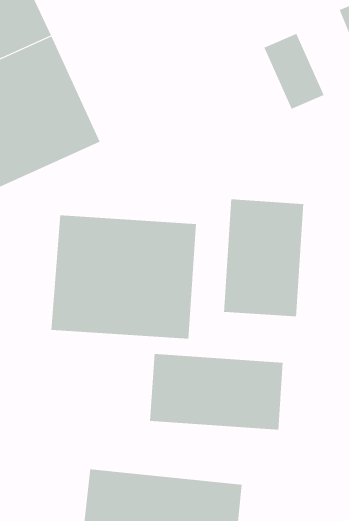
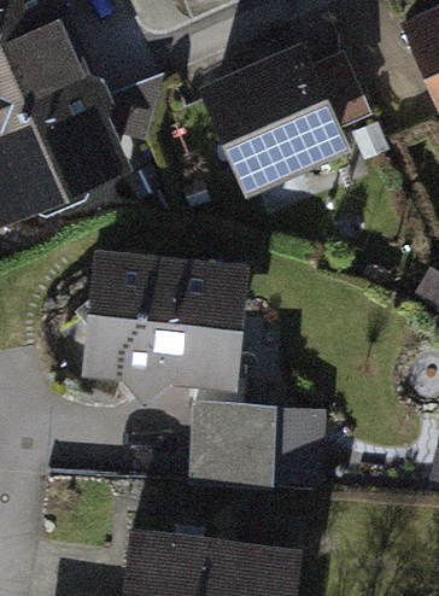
building: none -> [193,43,347,205]
building: [223,199,304,317] -> none

